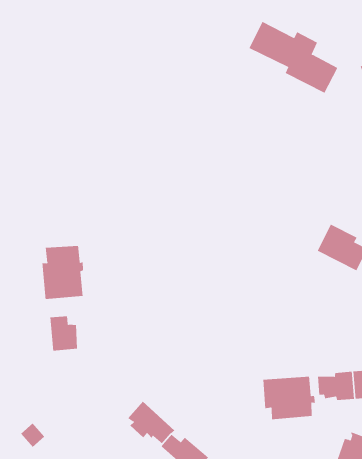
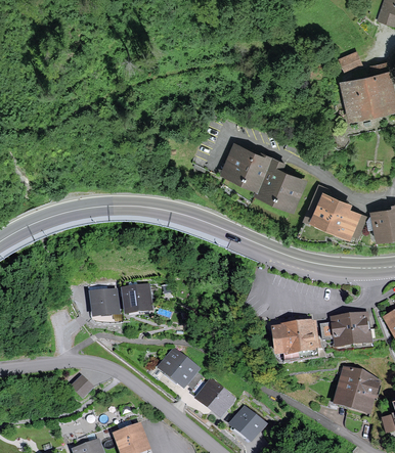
building: [249,21,338,94] -> [225,147,302,206]
building: [42,245,84,300] -> none
building: none -> [125,288,149,313]

